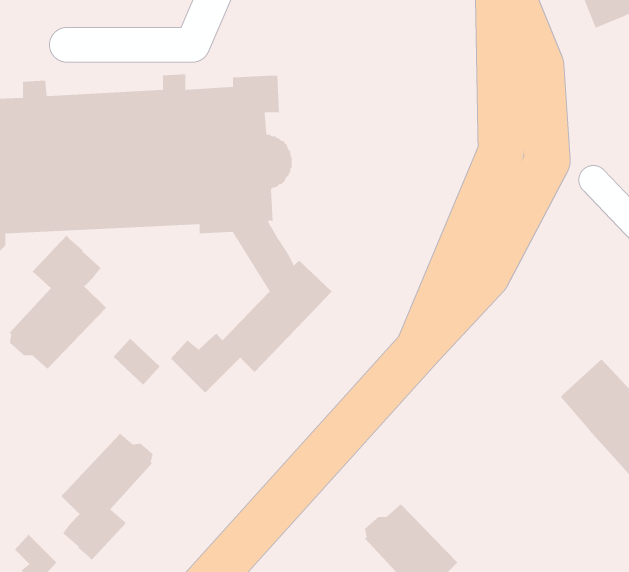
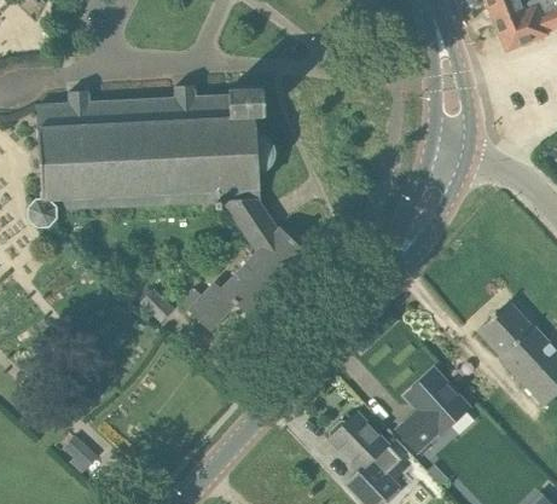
building: [9,235,107,370] -> none
building: [61,433,154,561] -> none
building: none -> [399,370,470,451]

